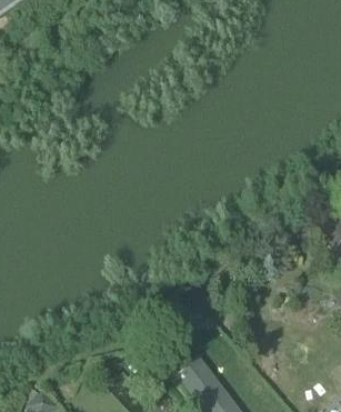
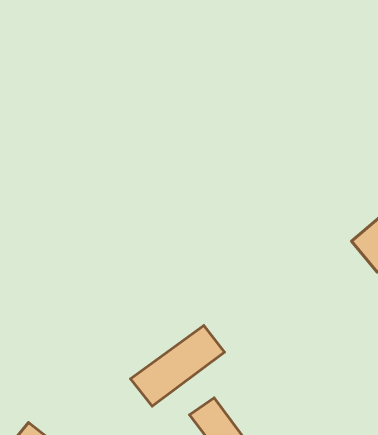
building: none -> [130,326,224,406]

